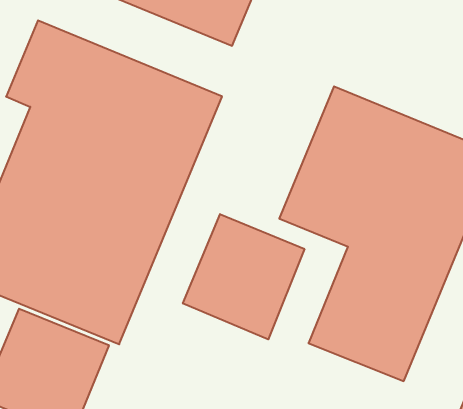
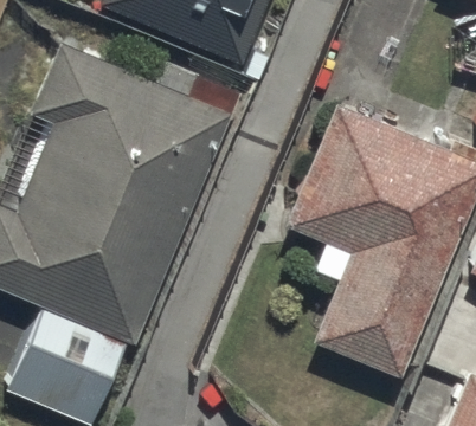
building: [183,214,304,339] -> none

